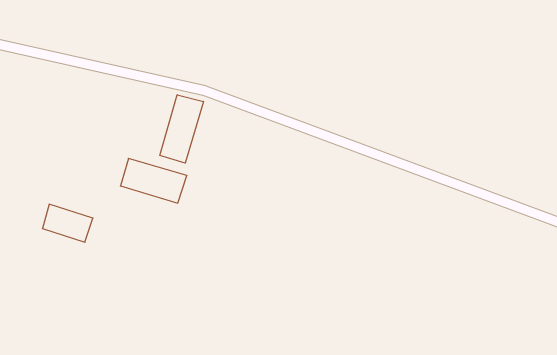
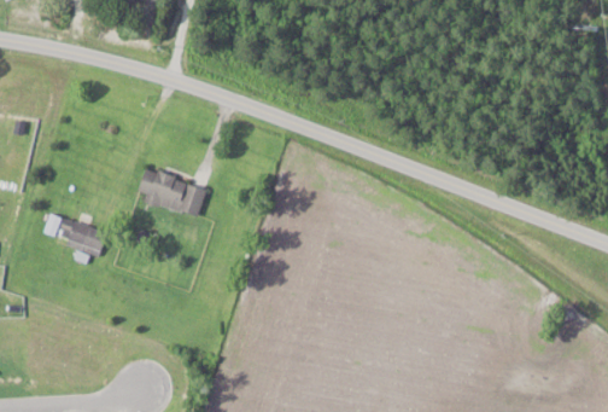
building: [160,95,203,163] -> none

